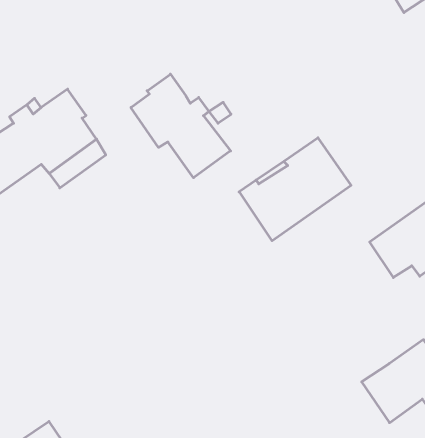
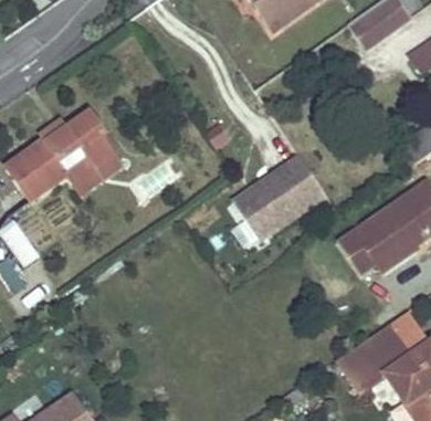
building: [131,74,231,178] -> none

